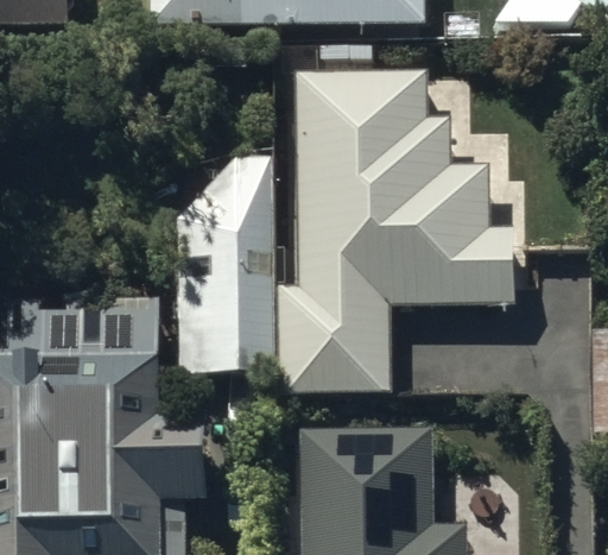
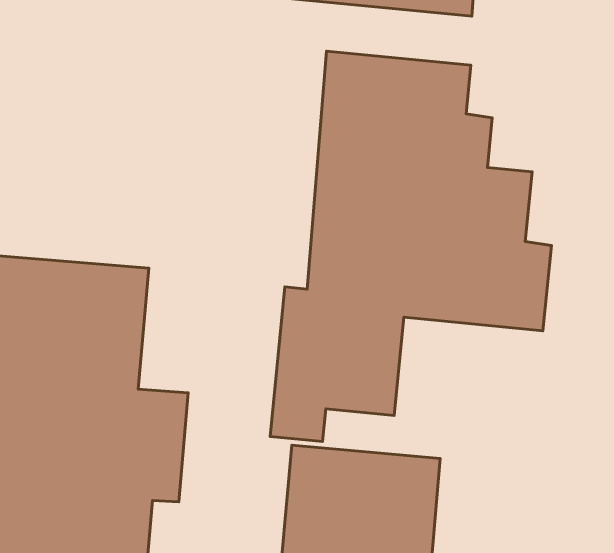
building: [172,145,266,364] -> none

